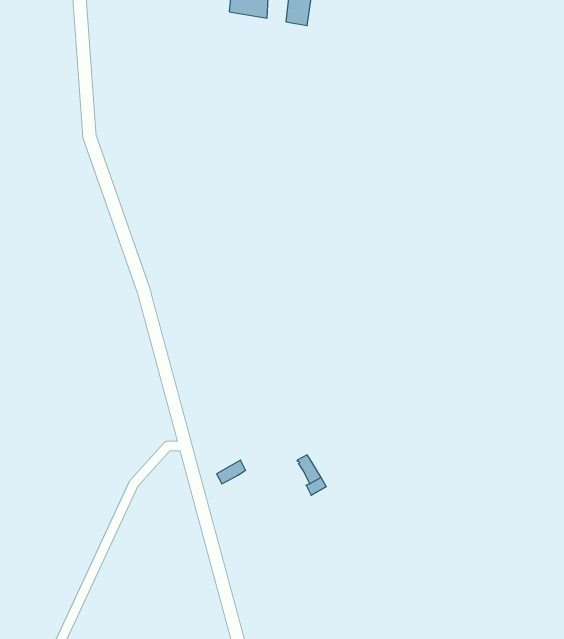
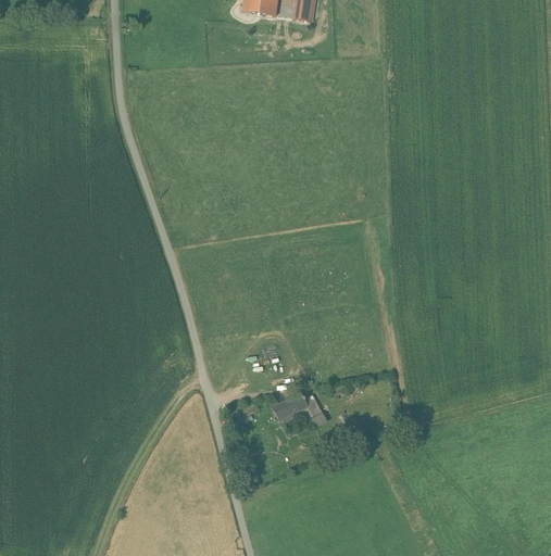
building: none -> [268,393,306,422]

